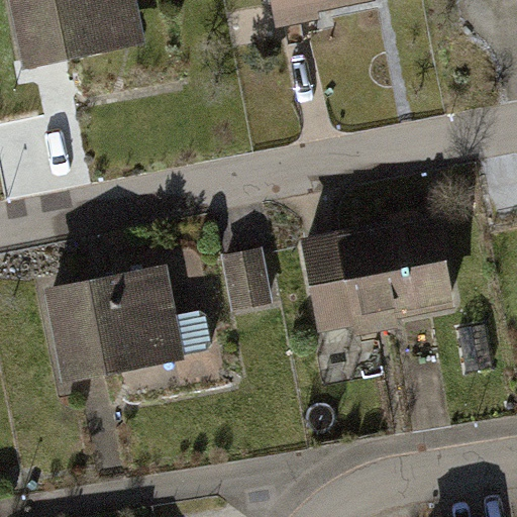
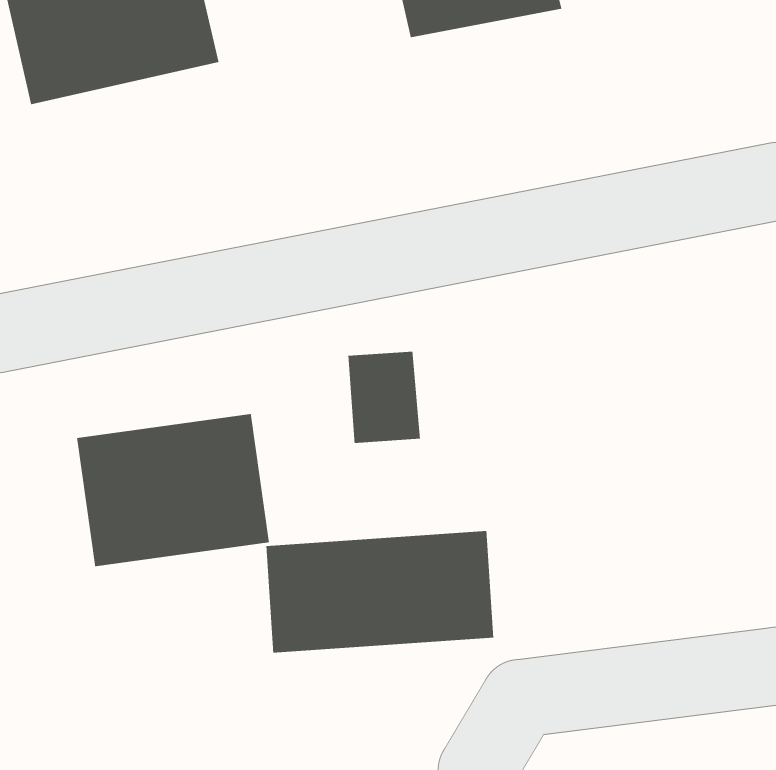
building: [299,217,453,331] -> none
building: none -> [265,530,494,654]

